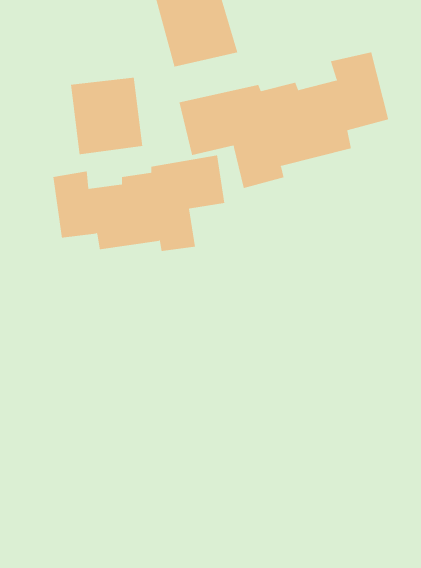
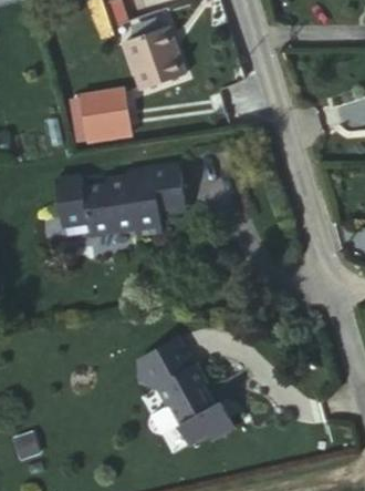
building: [179,51,389,189] -> none
building: none -> [137,335,237,440]

